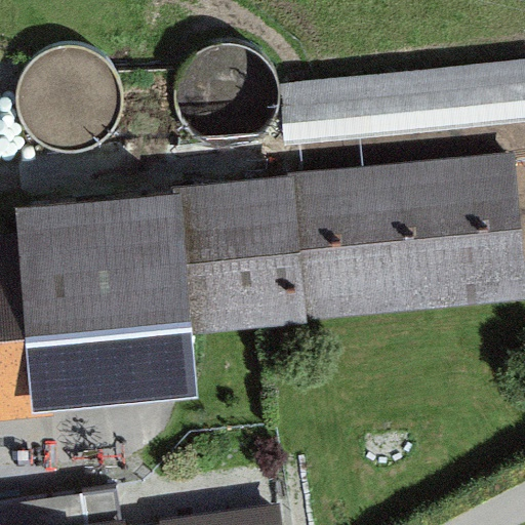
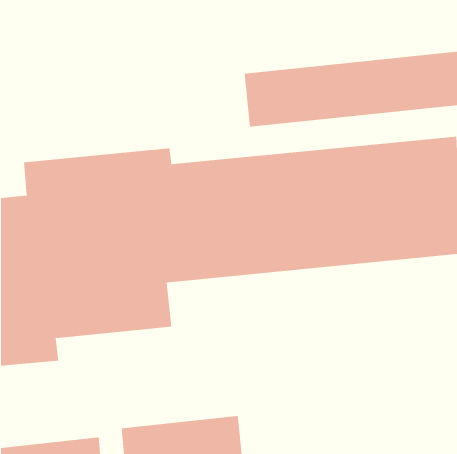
building: [171,46,278,153] -> none
building: [18,52,125,159] -> none

